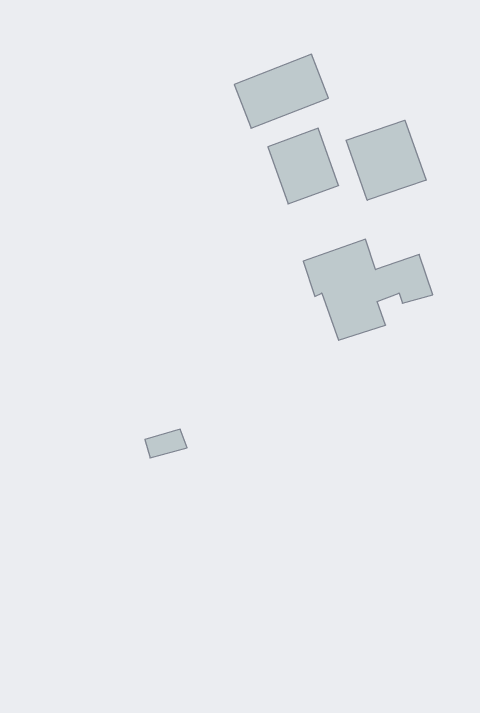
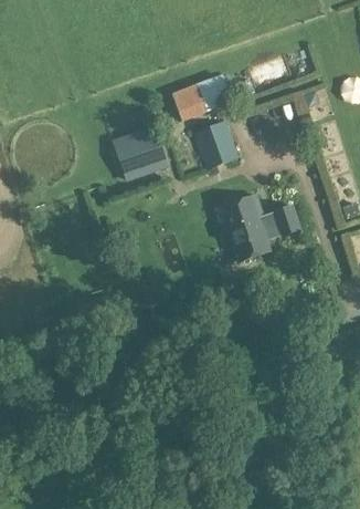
building: [346,120,426,200] -> none
building: none -> [113,124,170,181]

